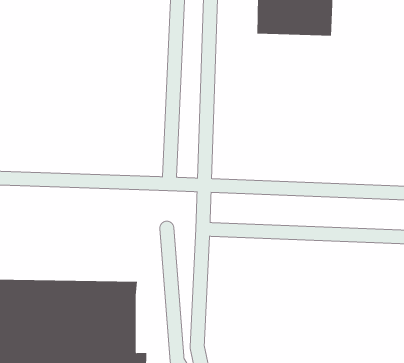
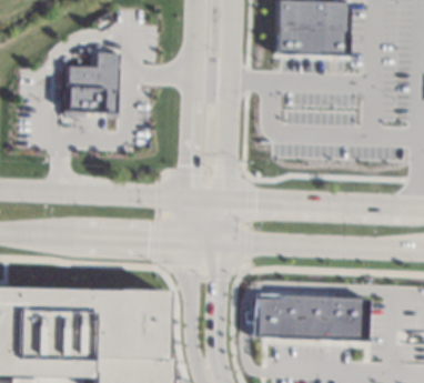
building: none -> [62,50,121,115]
building: none -> [256,293,369,340]

